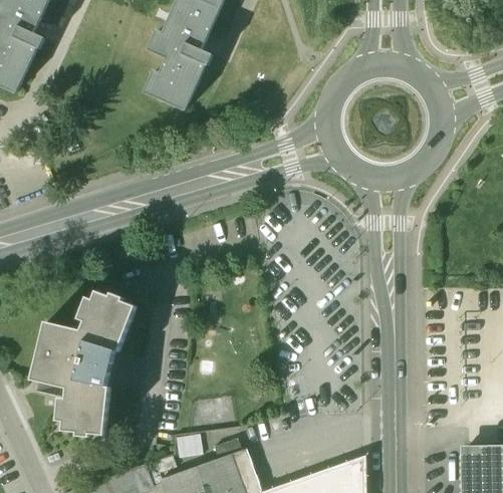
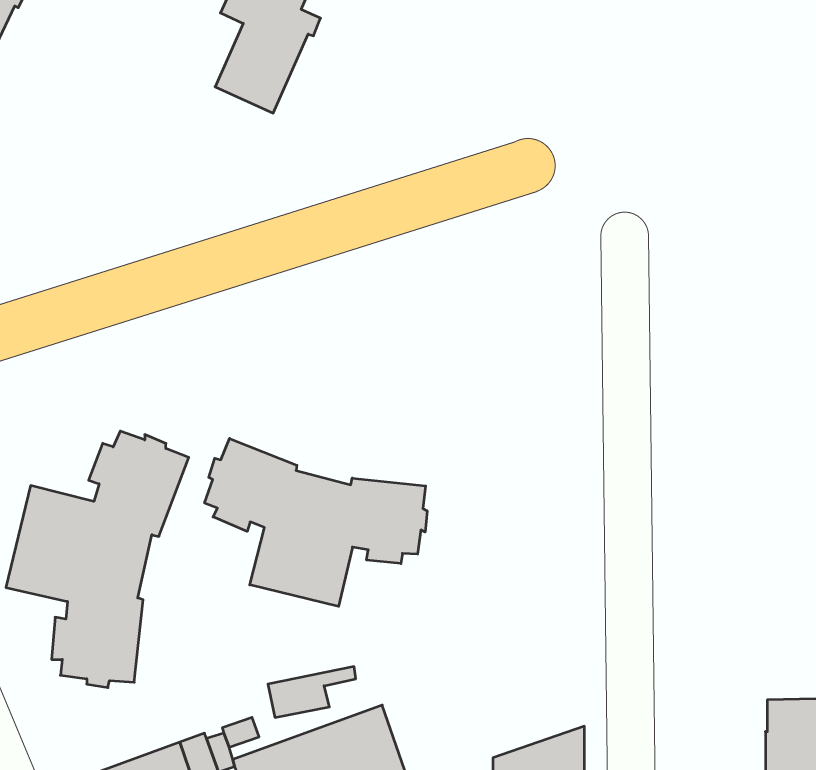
building: none -> [205,438,427,606]

